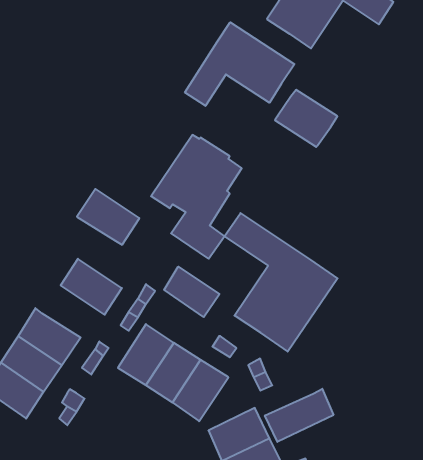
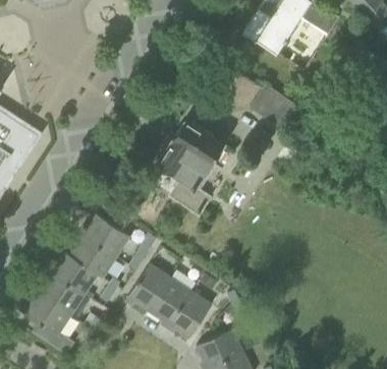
building: [185,22,294,106] -> none
building: [77,189,139,245] -> [69,235,117,278]
building: [224,213,338,352] -> none
building: [164,267,219,317] -> none
building: [265,389,333,442] -> none

